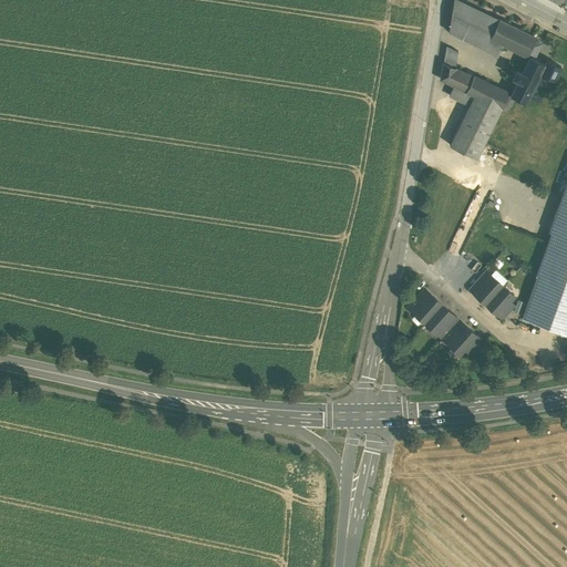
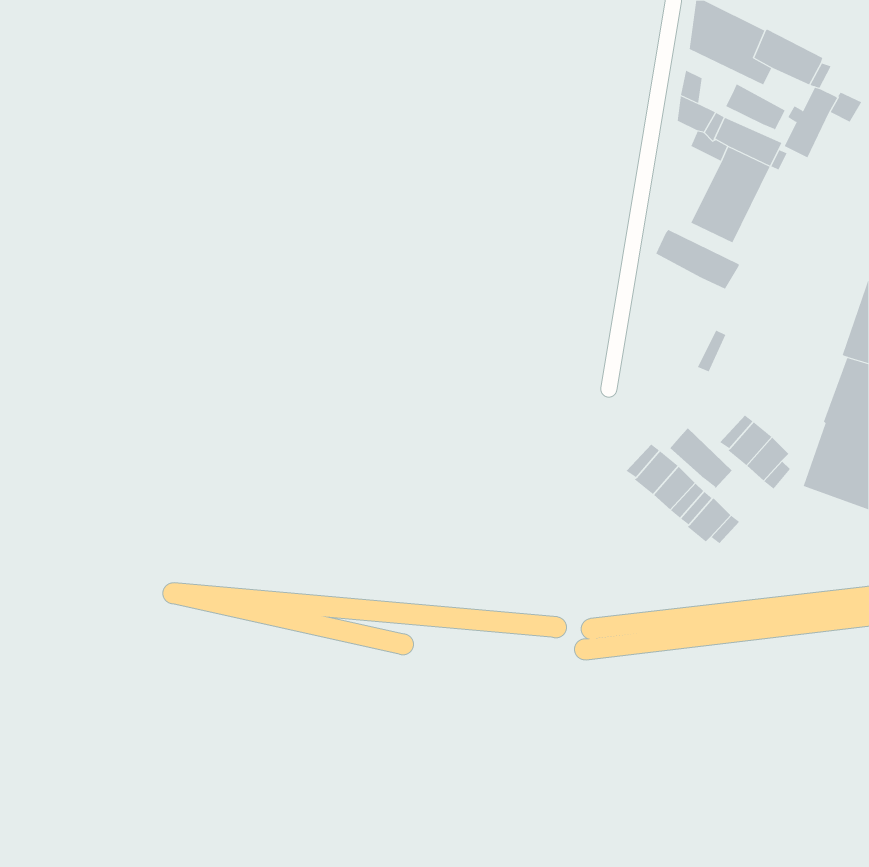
building: none -> [726,84,786,131]
building: none -> [656,229,739,289]
building: none -> [670,427,733,489]

